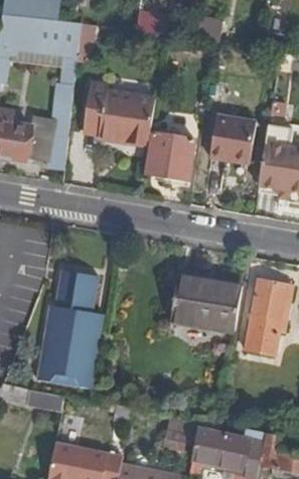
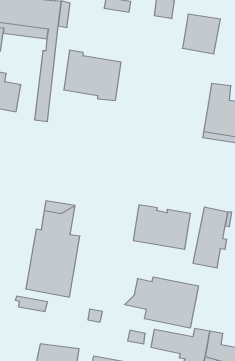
building: [209,114,257,163] -> [182,14,220,54]
building: [147,133,194,186] -> none
building: none -> [125,277,198,328]

